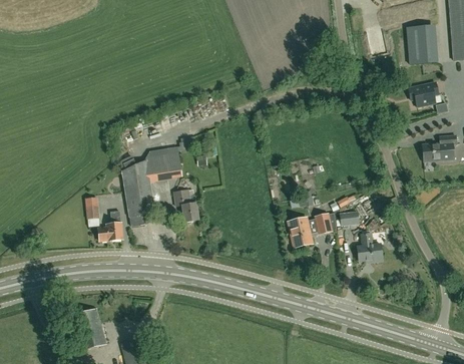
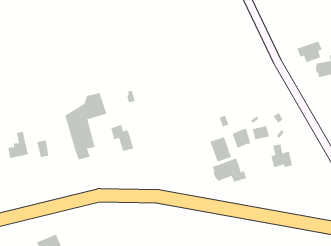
building: [408,82,438,106] -> [297,41,323,63]
building: [98,211,122,241] -> [7,131,29,159]
building: none -> [212,158,247,183]

